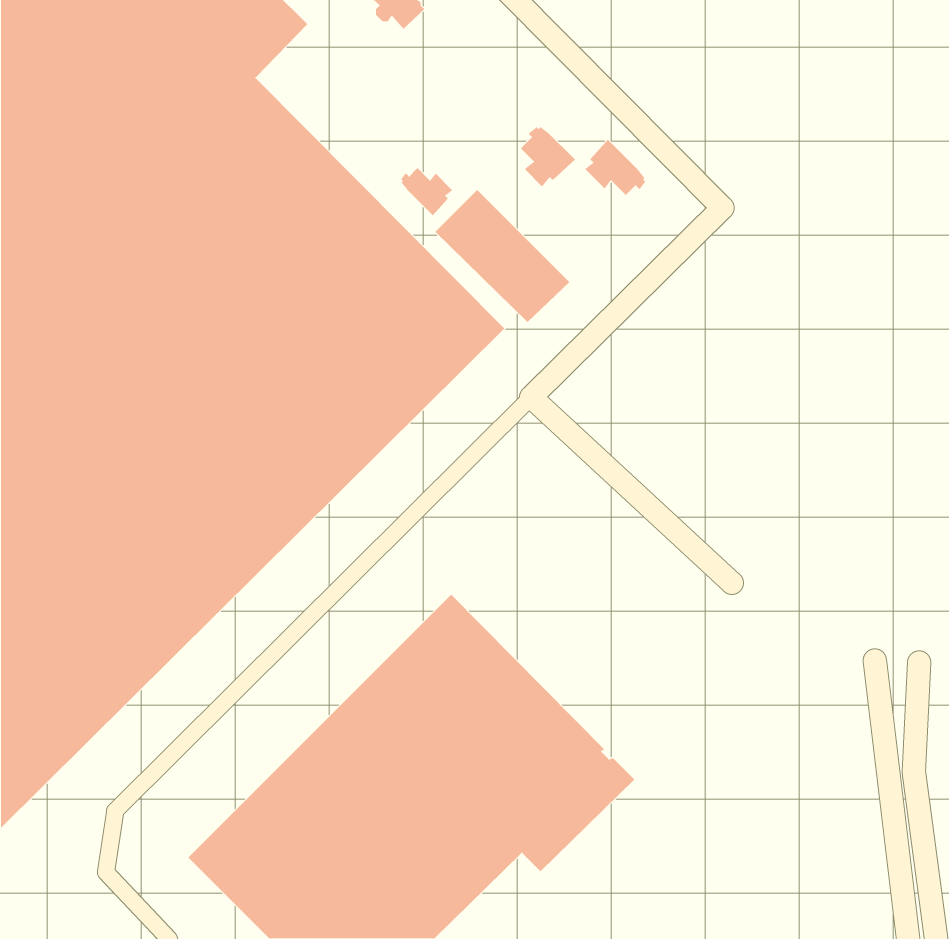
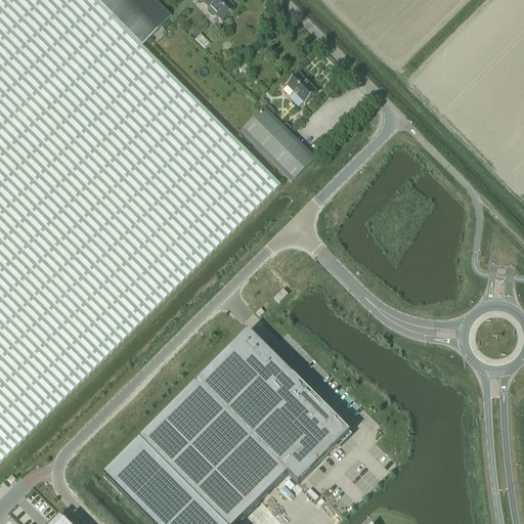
building: [584,139,646,196] -> none
building: [400,167,453,216] -> none

